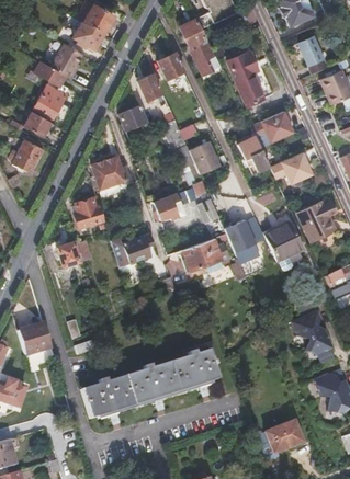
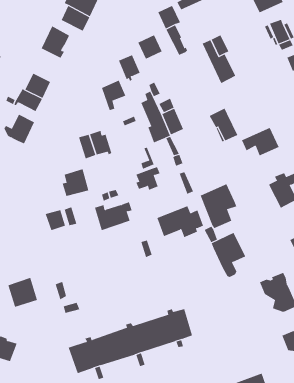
building: [36,60,69,103] -> none
building: [251,111,293,142] -> none
building: [264,221,303,271] -> [211,232,246,278]

